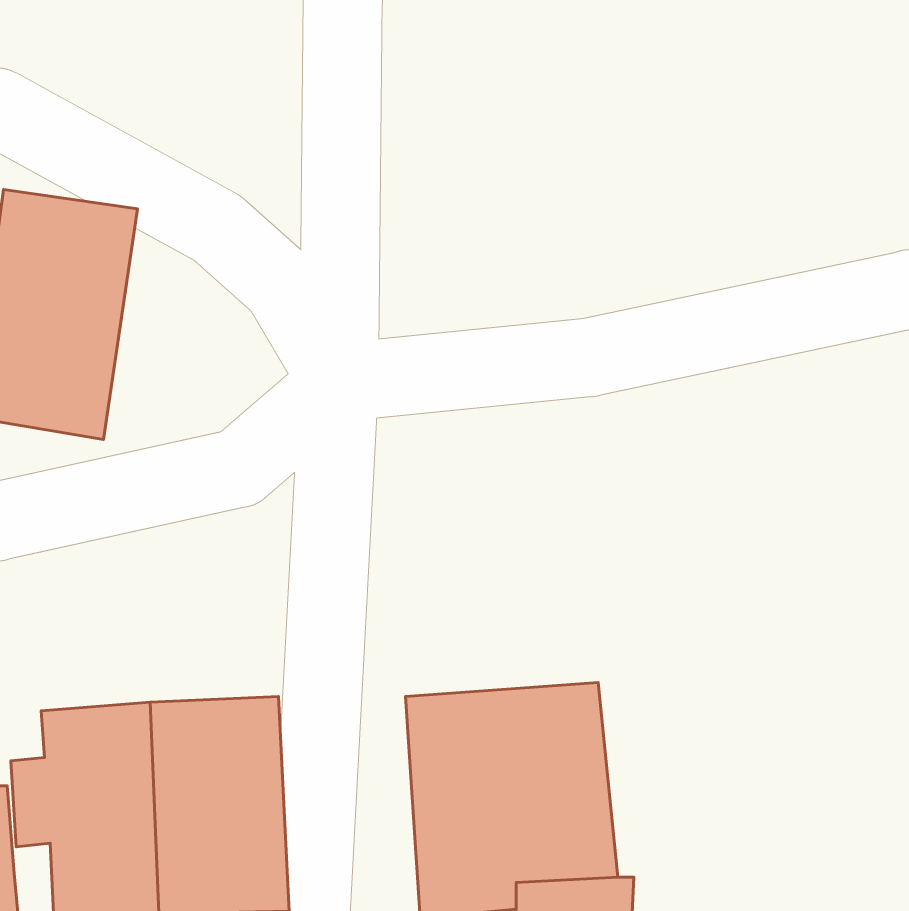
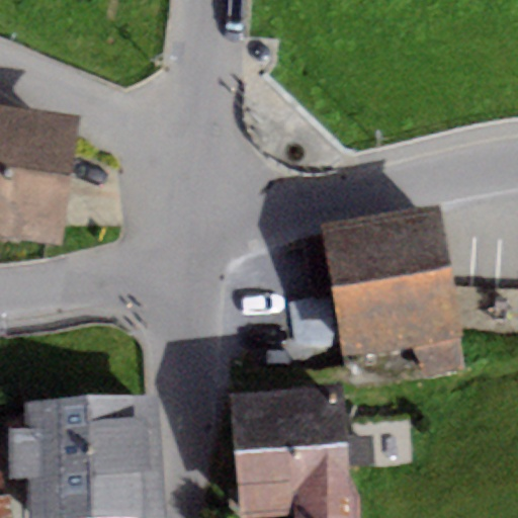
building: none -> [320,207,457,358]

